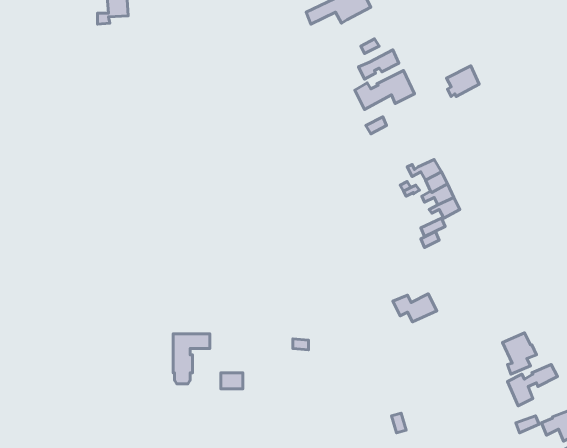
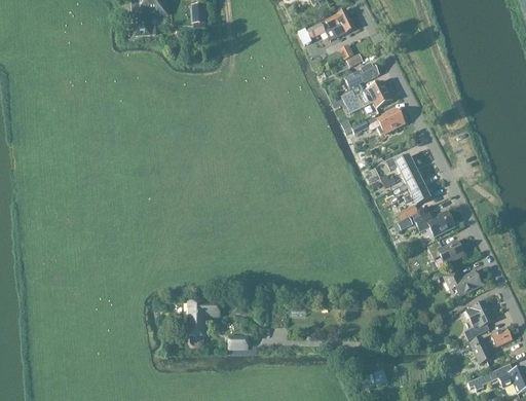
building: [446,66,479,96] -> [377,108,405,134]
building: none -> [414,210,455,238]
building: [393,294,437,322] -> [427,240,464,263]
building: none -> [443,269,484,297]

